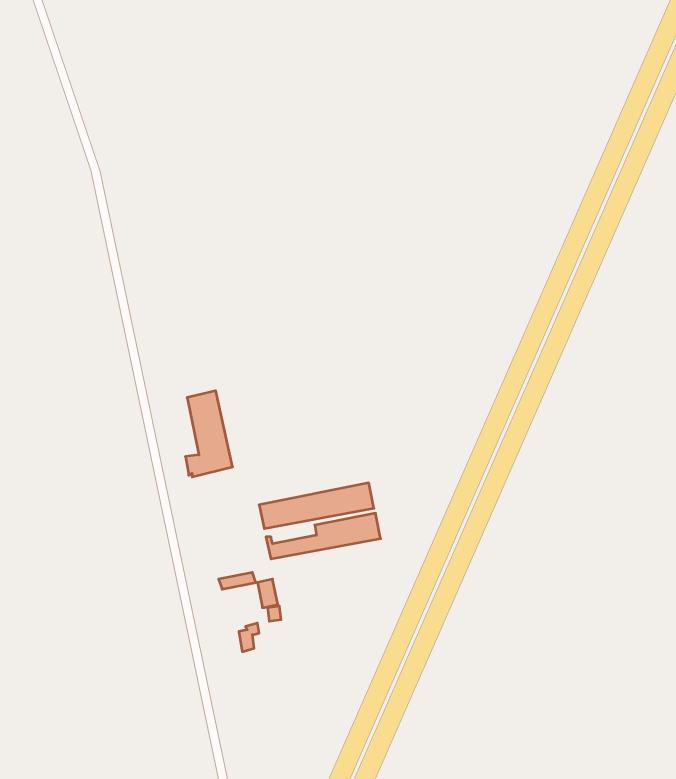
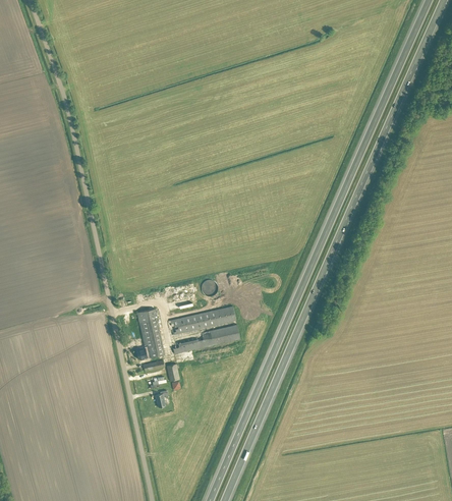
building: [185,391,233,477] -> [135,310,164,361]

